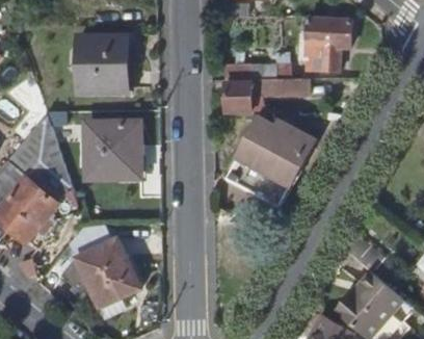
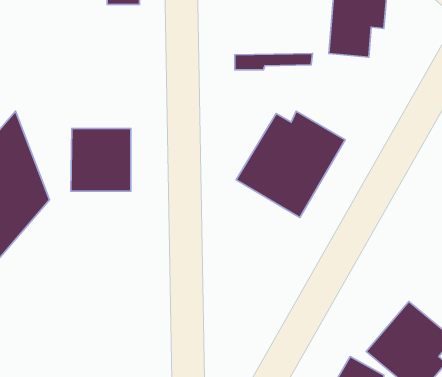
building: [78,38,128,93] -> none
building: [226,77,309,111] -> none
building: [61,224,136,307] -> none

